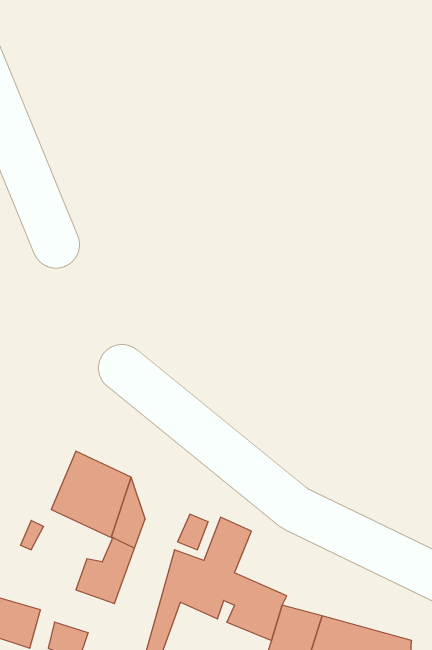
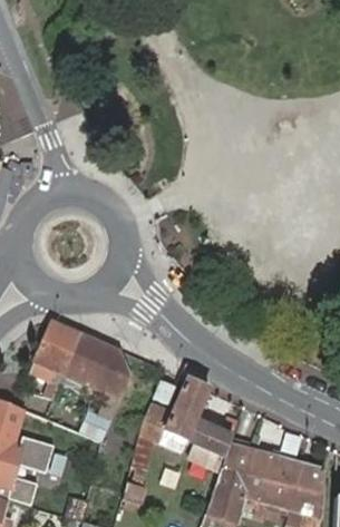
building: none -> [33,318,81,373]

